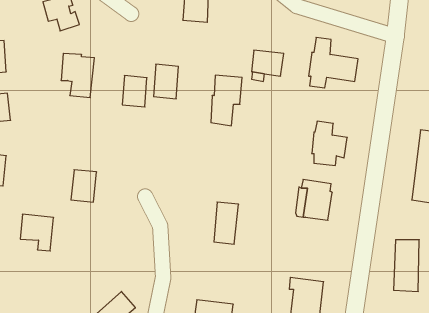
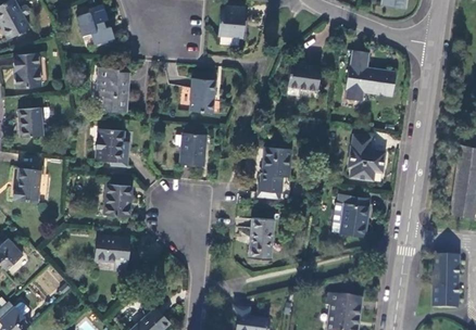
building: [211,75,242,126] -> [261,148,292,199]
building: [122,76,147,107] -> [180,134,205,165]
building: none -> [96,129,129,166]
building: [20,214,54,251] -> [96,234,129,271]

